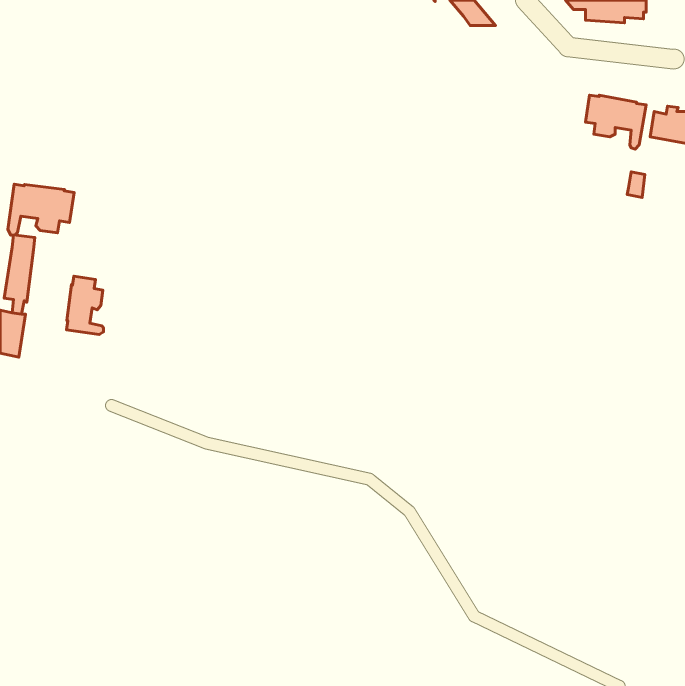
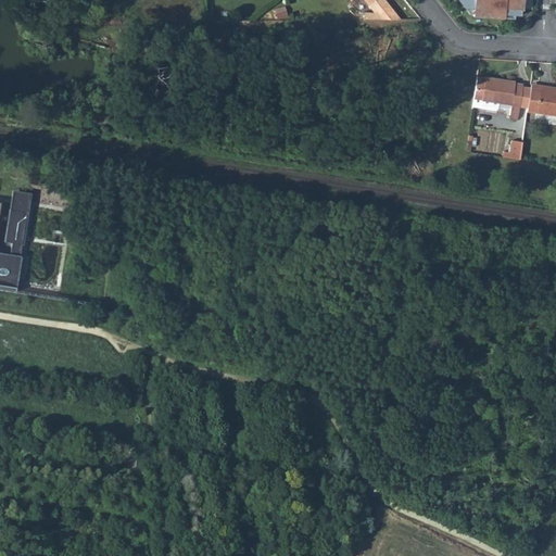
building: [8,184,74,235] -> none
building: [66,276,103,335] -> none

